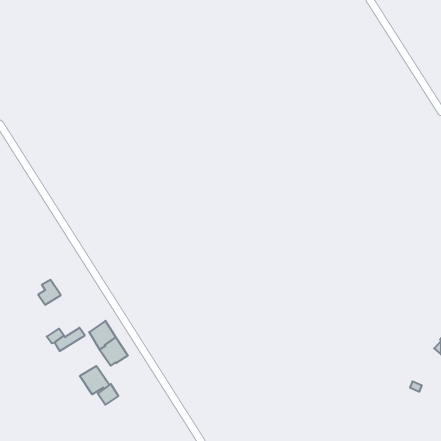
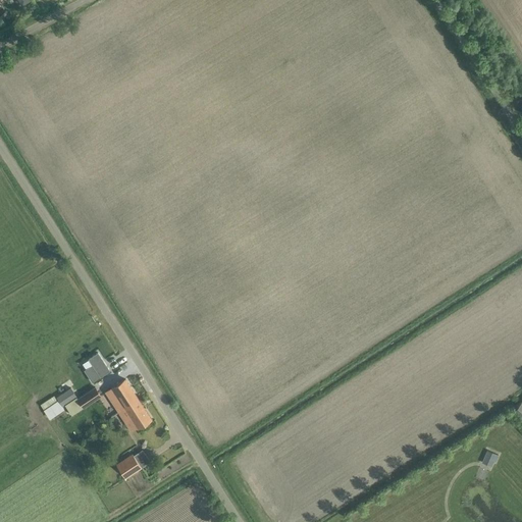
building: [38,280,61,305] -> [83,353,109,382]
building: [80,366,110,394] -> none

